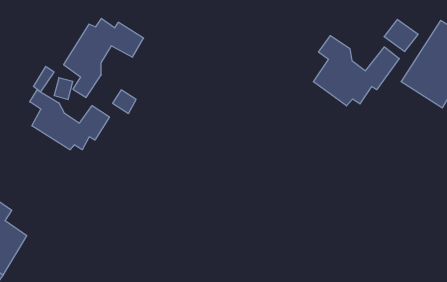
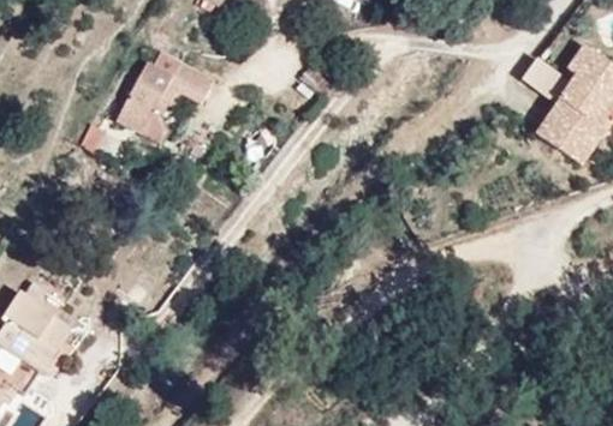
building: [313,36,399,106] -> none
building: [30,90,109,150] -> none

